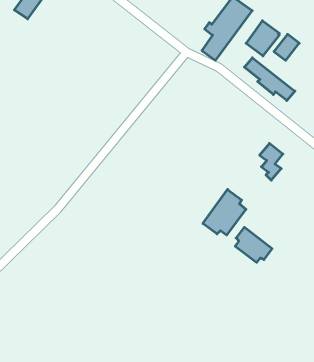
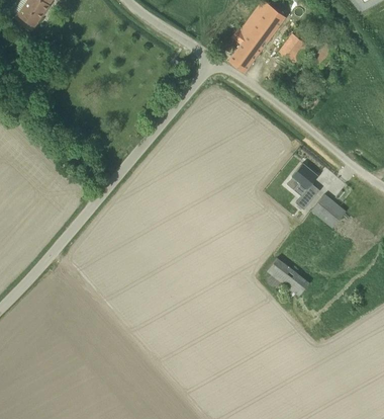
building: [244,58,295,101] -> none
building: none -> [311,194,346,228]
building: [203,189,246,235] -> none

